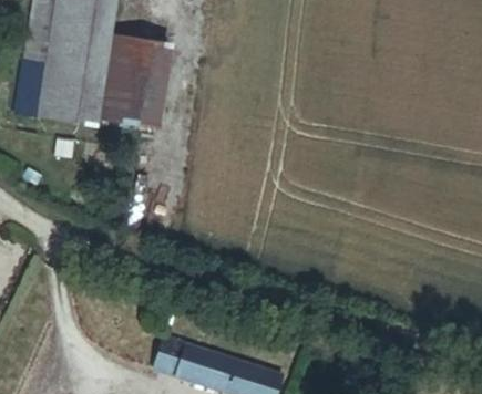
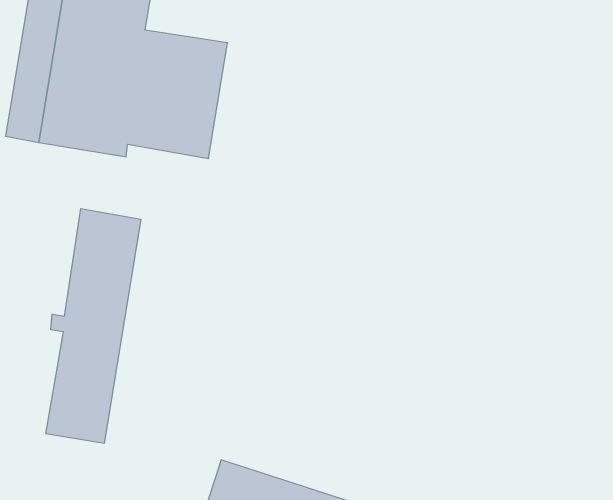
building: none -> [46,209,141,443]

